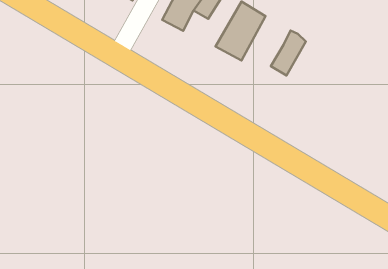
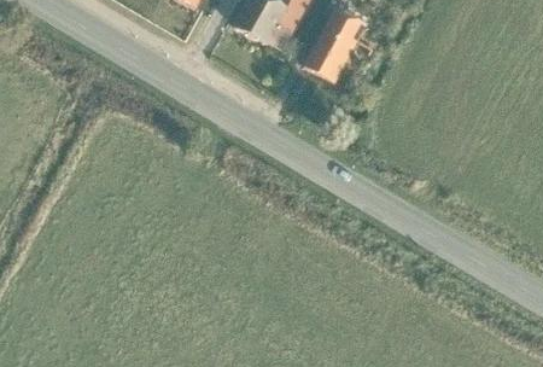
building: [271,30,306,75] -> none

